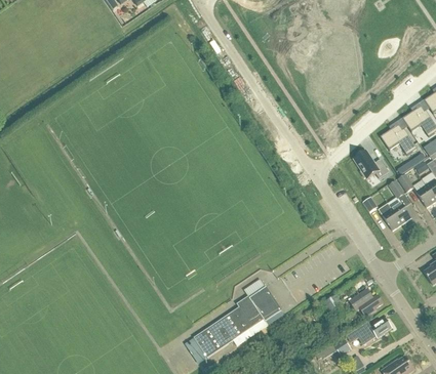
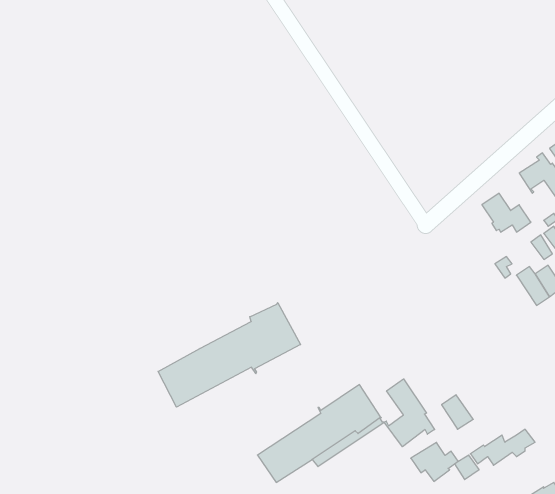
building: none -> [158,303,301,407]
building: none -> [384,379,435,447]
building: [348,288,382,316] -> [411,442,458,481]

